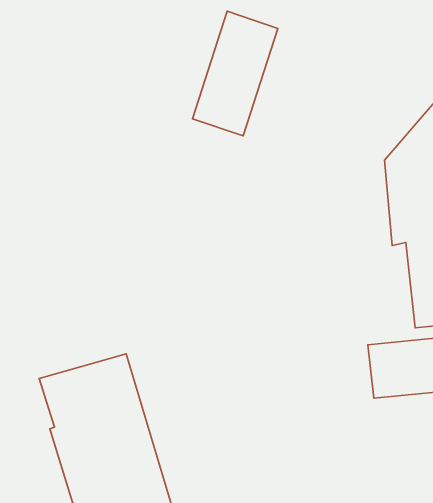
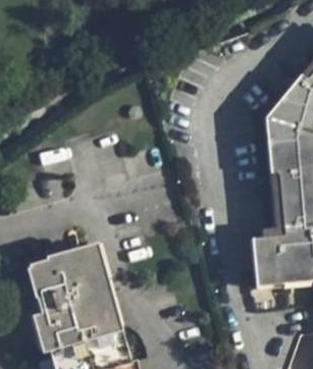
building: [192,11,278,136] -> none

